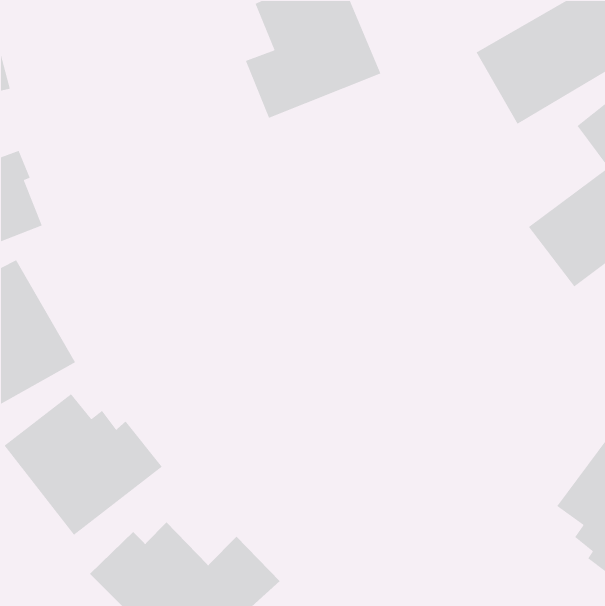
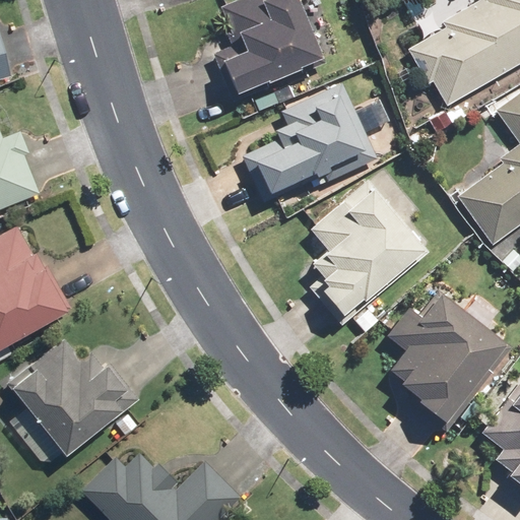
building: none -> [240,81,375,203]
building: none -> [305,178,430,327]
building: none -> [382,289,512,433]

